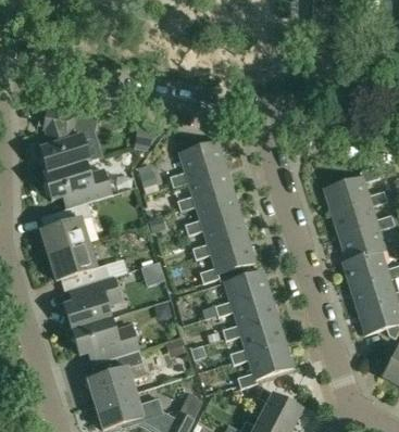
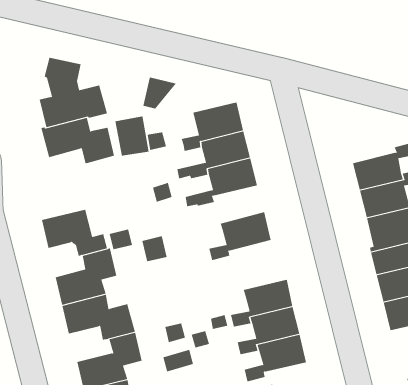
building: [42,203,91,255] -> none
building: [192,213,248,258] -> none
building: [202,269,272,318] -> none

